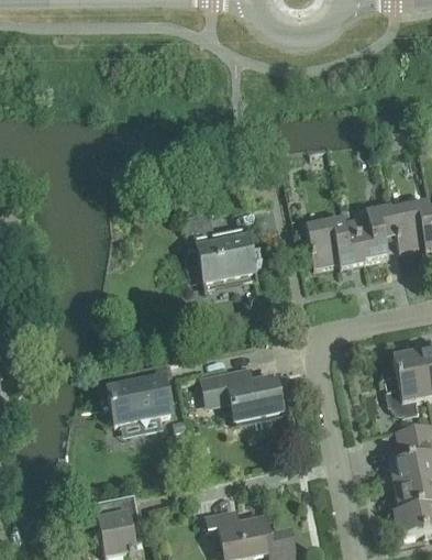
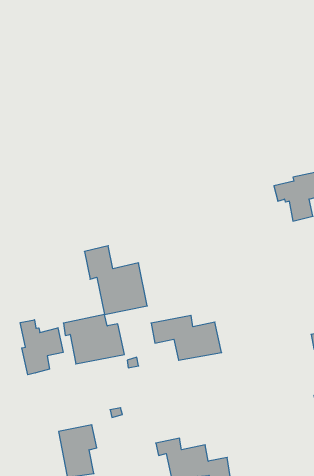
building: [184,210,256,289] -> [84,246,147,314]
building: [308,216,367,268] -> none
building: none -> [20,320,63,375]

